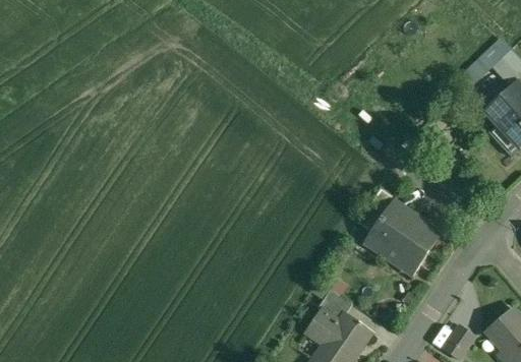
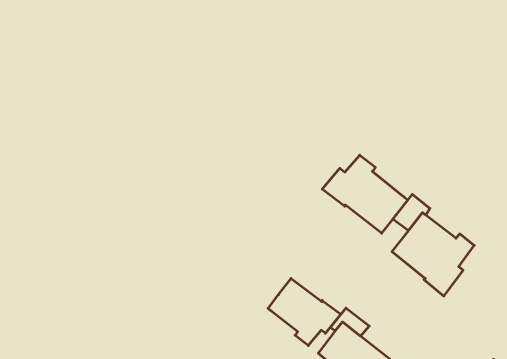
building: none -> [322,155,408,233]
building: none -> [268,278,341,346]

